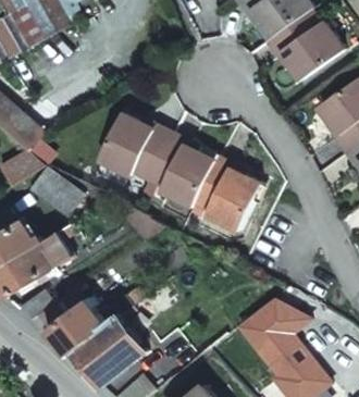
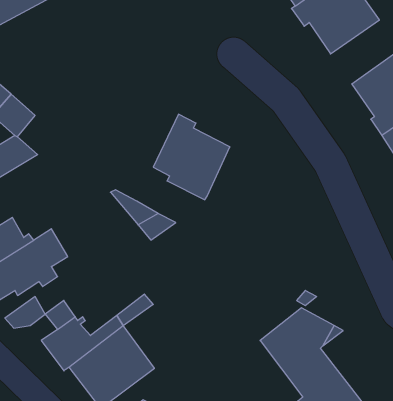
building: [97,112,168,176] -> none
building: [193,154,259,229] -> none
building: [29,165,83,216] -> none

